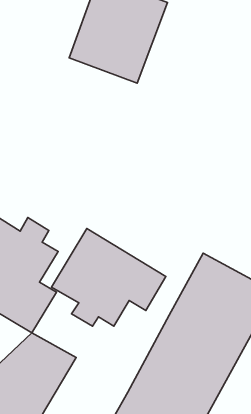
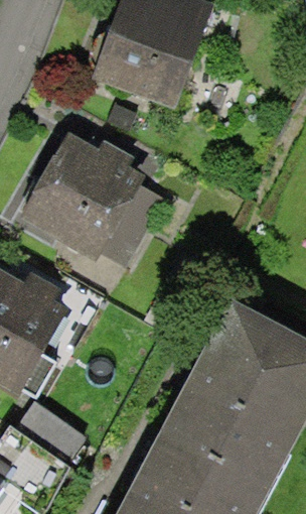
building: none -> [20,134,170,276]
building: [52,229,166,326] -> none

